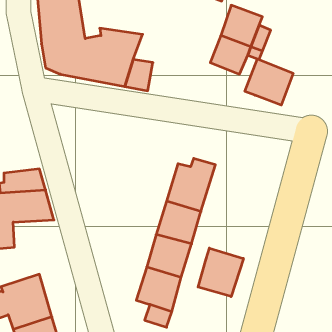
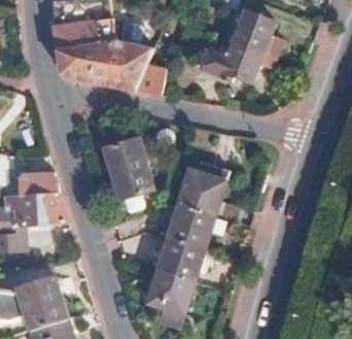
building: [245,59,293,105] -> none
building: none -> [105,139,154,198]
building: [198,248,243,297] -> none

